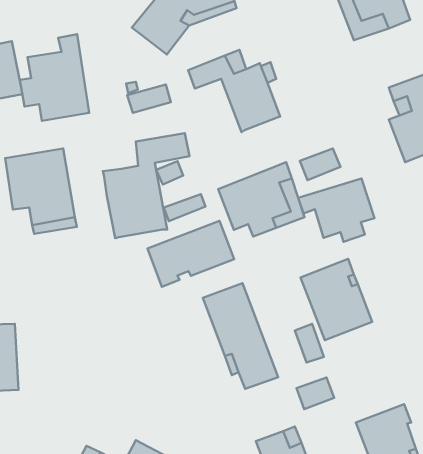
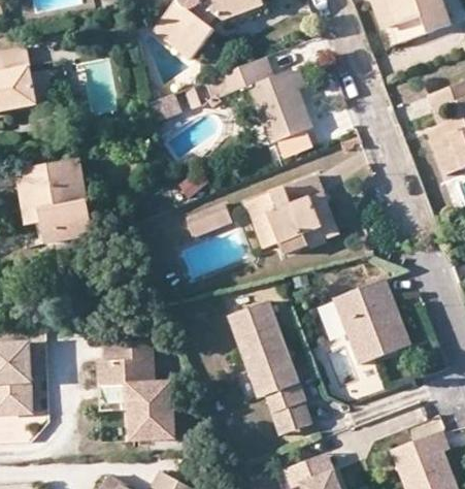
building: [20,34,89,121] -> none
building: [103,133,189,238] -> none
building: [300,148,341,180] -> [273,127,317,161]
building: [298,178,375,242] -> none
building: [147,221,234,287] -> none
building: none -> [96,338,172,438]
building: [296,377,334,409] -> [274,404,314,438]

